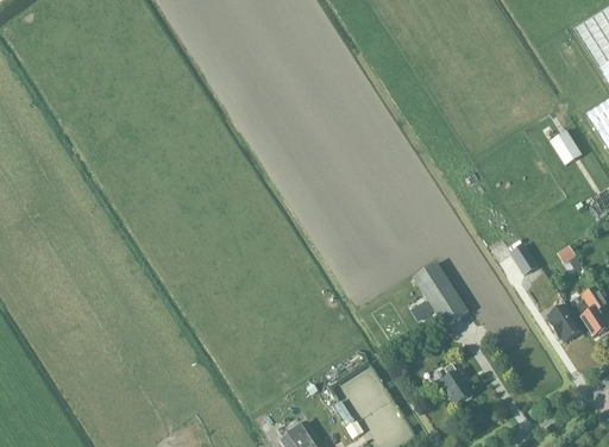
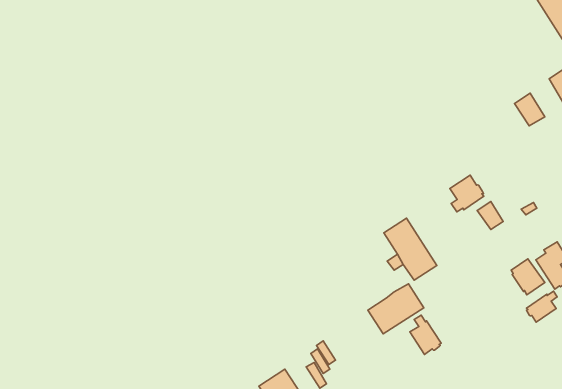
building: none -> [450,175,484,212]
building: none -> [368,284,424,334]
building: none -> [527,291,557,322]

